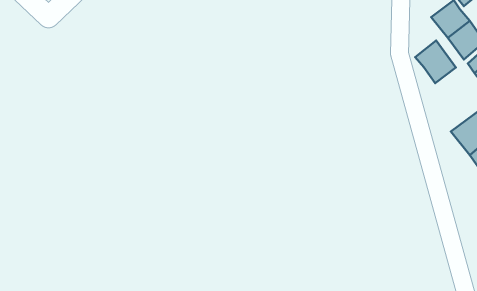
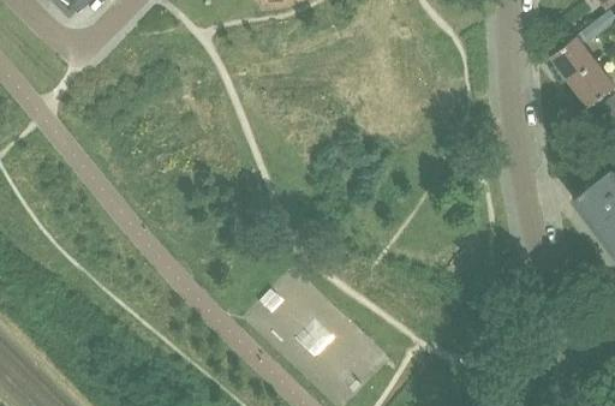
building: [415,41,456,83] -> none

